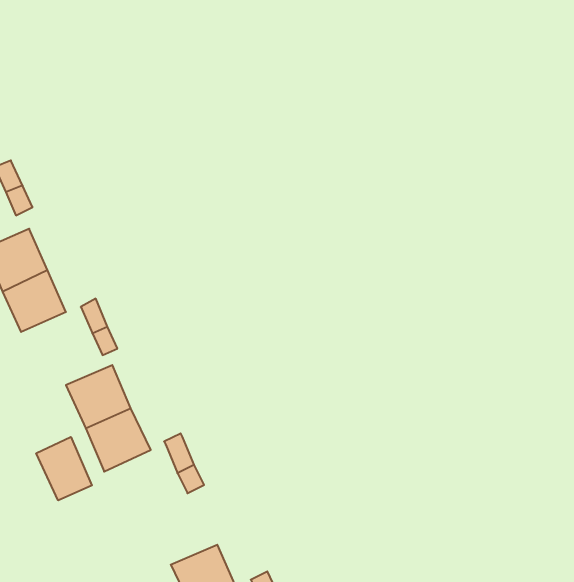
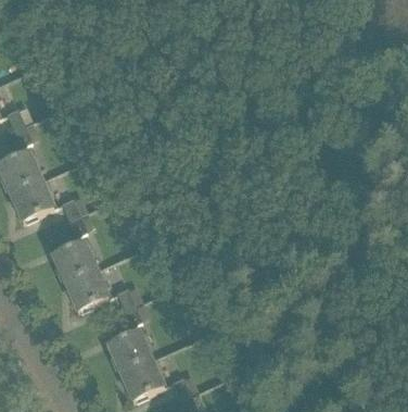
building: [36,437,92,500] -> none
building: none -> [109,329,151,370]

